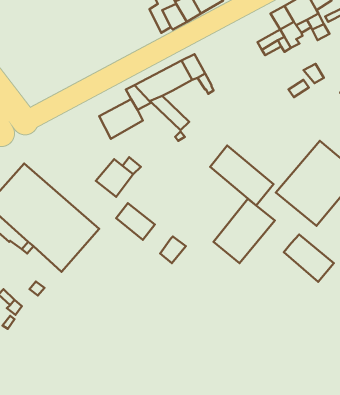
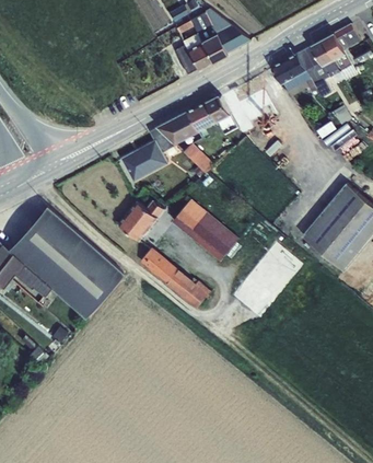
building: none -> [271,54,306,84]
building: [210,146,273,206] -> [173,199,237,261]
building: none -> [166,269,195,299]
building: [284,234,334,282] -> none

